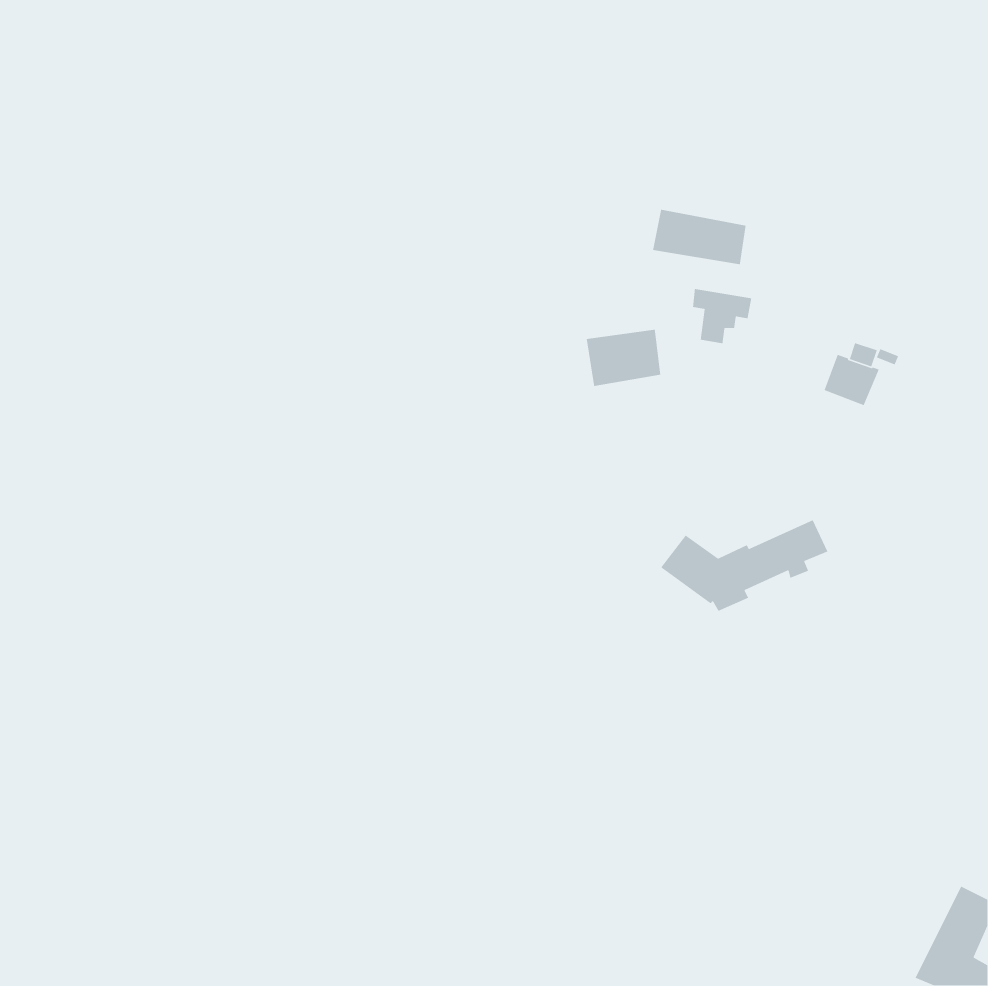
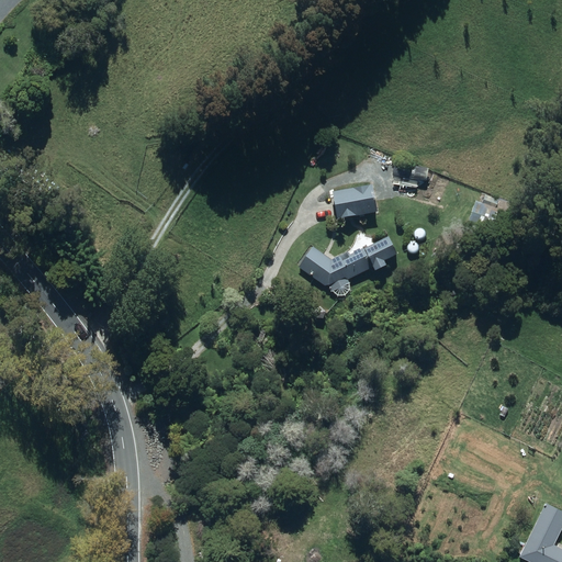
building: [652,209,746,265] -> none
building: [660,519,829,612] -> [300,238,395,291]

